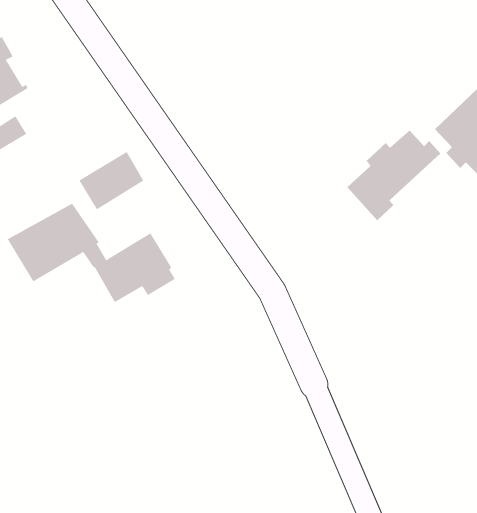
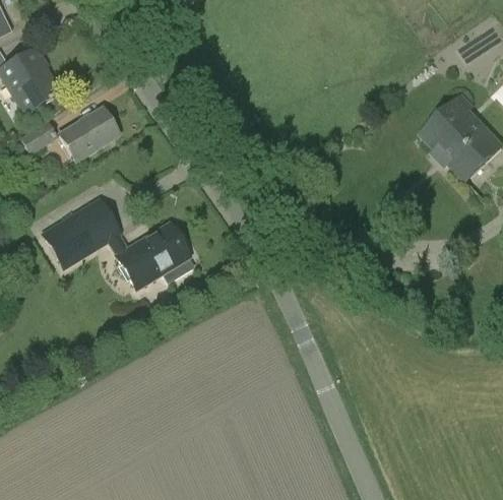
building: [347,129,441,221] -> none
building: [78,151,144,210] -> [59,108,118,161]

